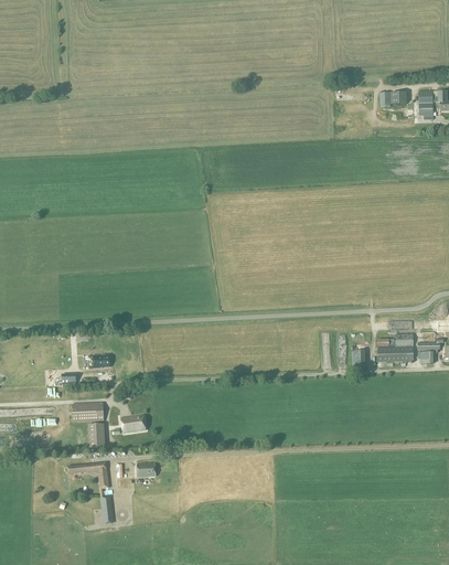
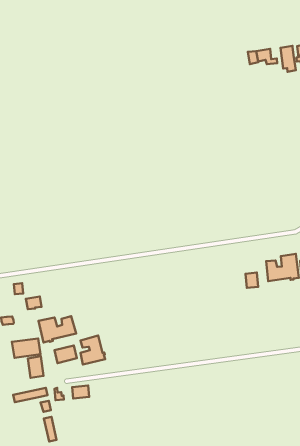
building: none -> [38,316,76,343]
building: none -> [80,336,105,365]

